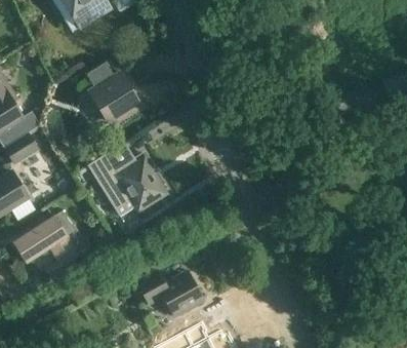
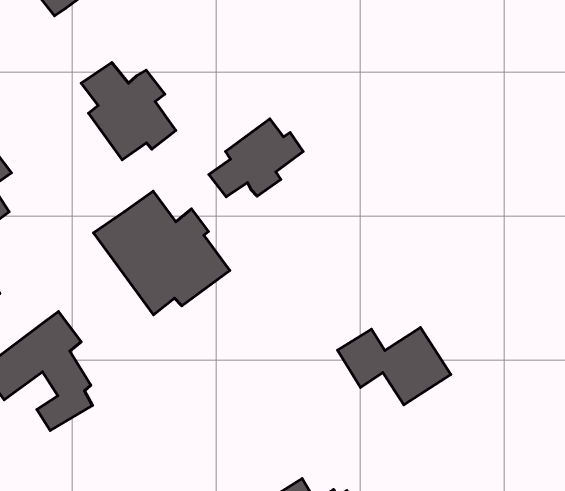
building: none -> [209,119,303,197]
building: [135,270,203,317] -> [337,328,451,405]

